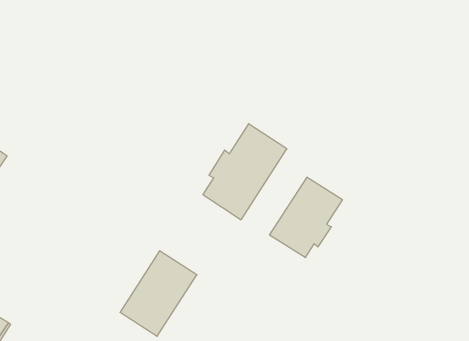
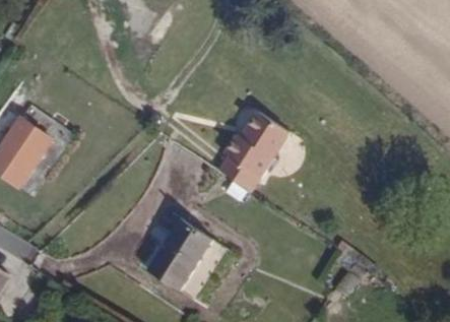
building: [270,177,342,258] -> none

